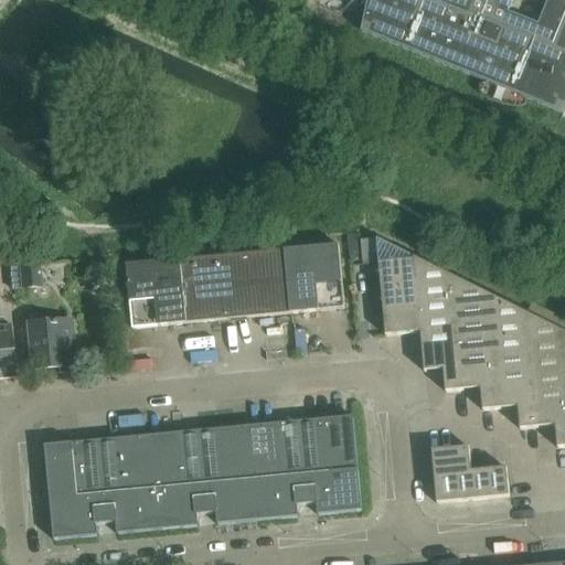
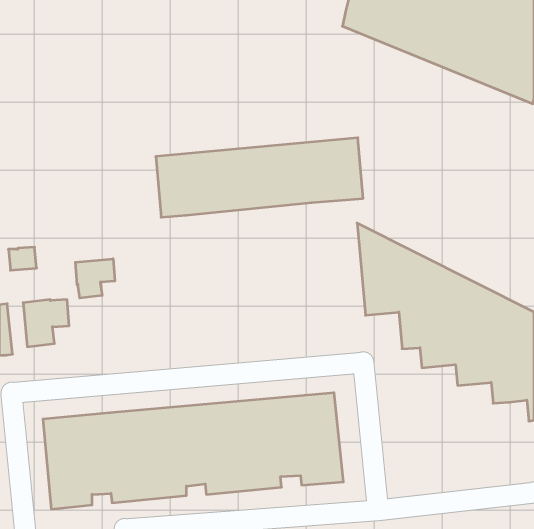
building: [126,241,344,324] -> [156,138,363,217]
building: none -> [75,259,115,298]
building: [431,444,509,500] -> none

